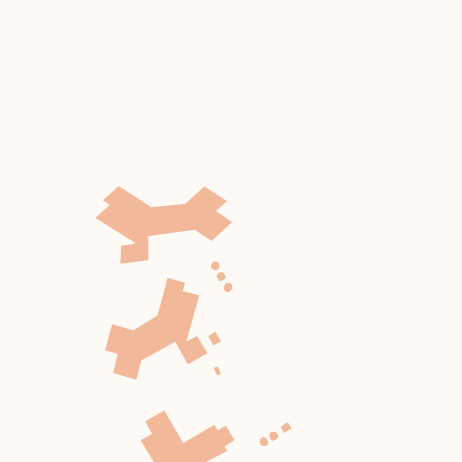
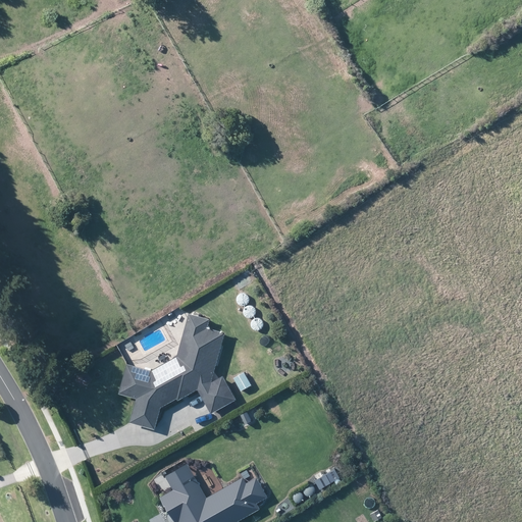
building: [94,185,233,265] -> none

